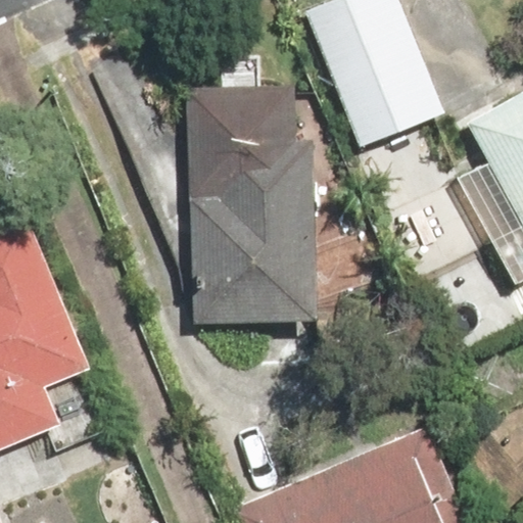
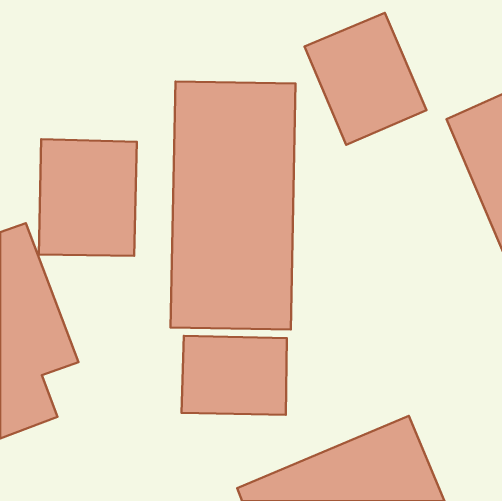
building: none -> [39,139,137,256]
building: none -> [182,336,287,415]

